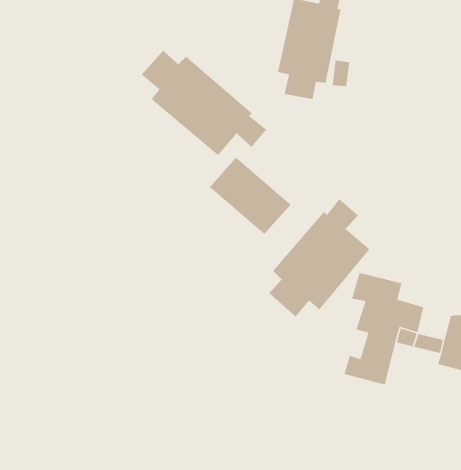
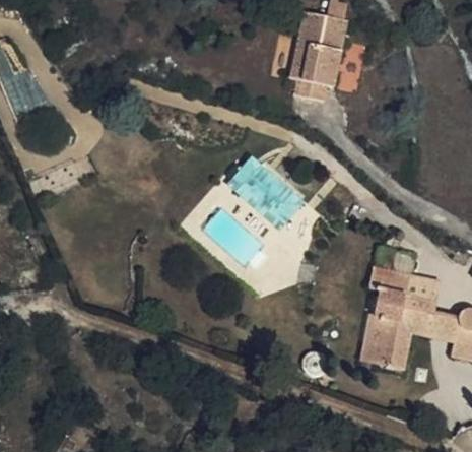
building: [141,50,267,156] -> none
building: [269,198,371,318] -> none

